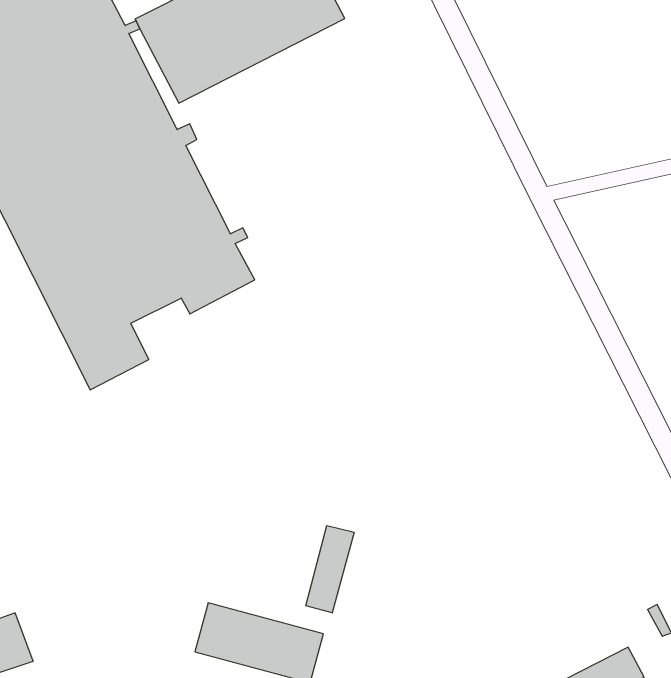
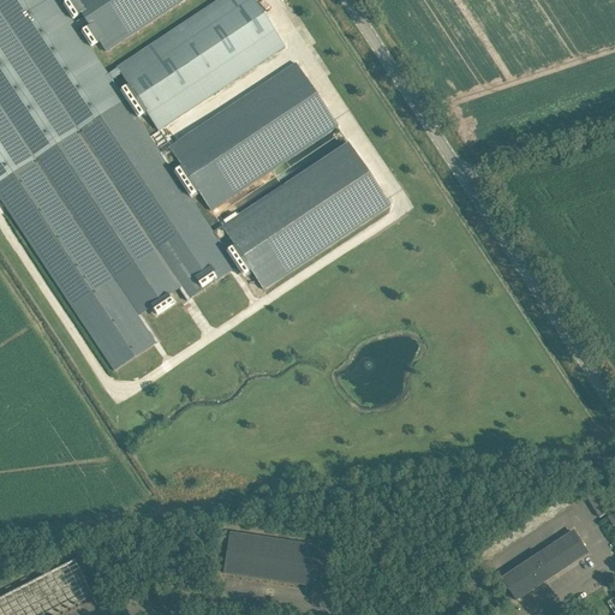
building: none -> [168,61,336,209]
building: none -> [221,141,389,288]
building: [306,526,354,613] -> none

